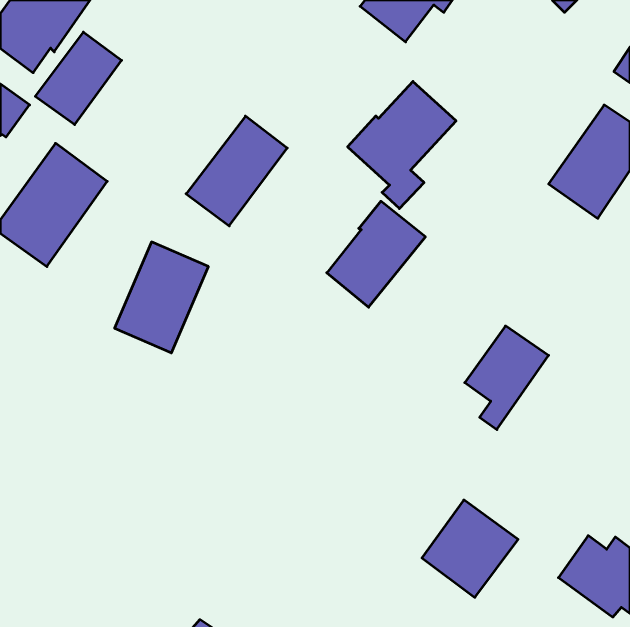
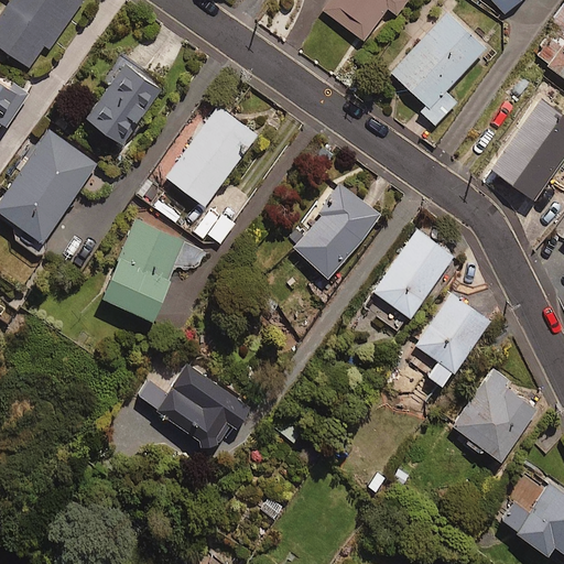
building: [35,32,122,125] -> [86,59,163,142]
building: [348,81,456,209] -> [389,12,486,126]
building: none -> [370,229,454,333]
building: none -> [139,364,251,448]
building: [422,500,518,597] -> [453,373,539,460]

